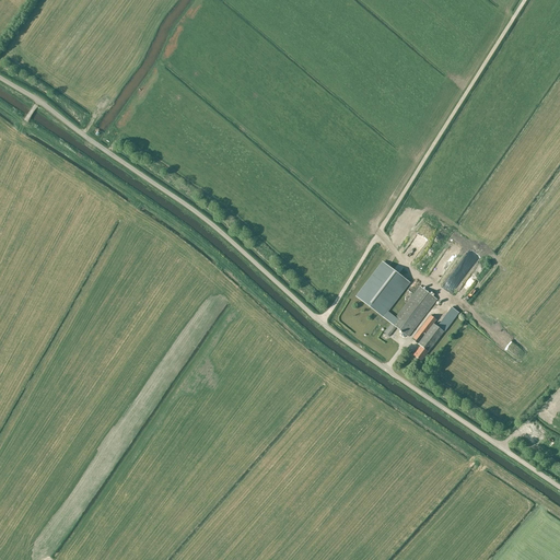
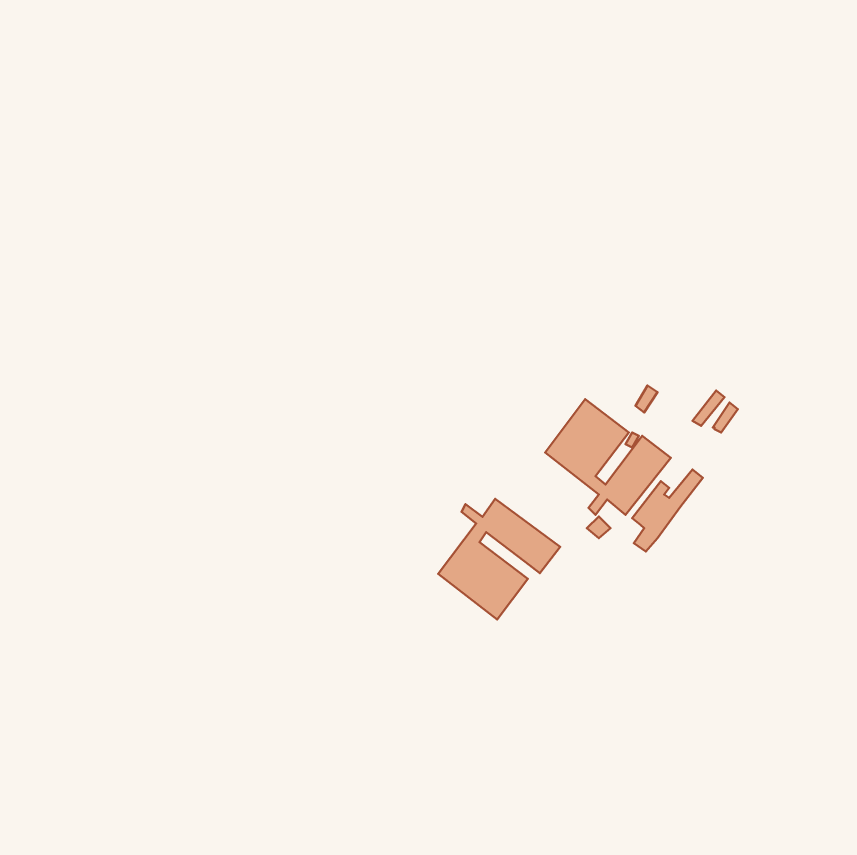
building: none -> [438,499,560,620]

